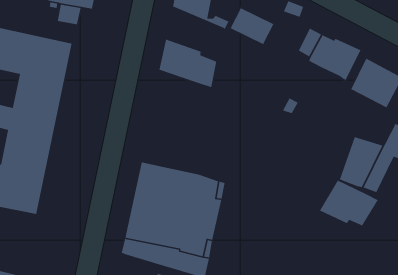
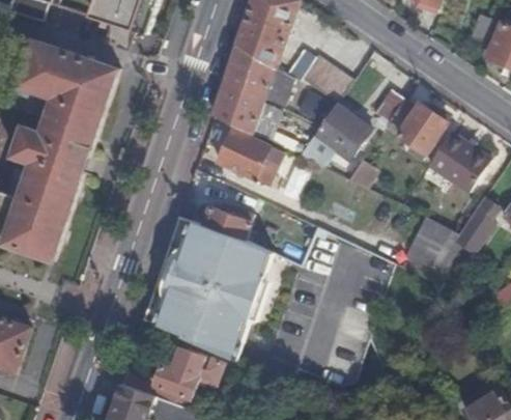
building: none -> [224,44,291,105]
building: none -> [312,102,369,158]
building: none -> [217,128,283,185]
building: none -> [202,204,252,239]
building: [319,179,379,226] -> none

